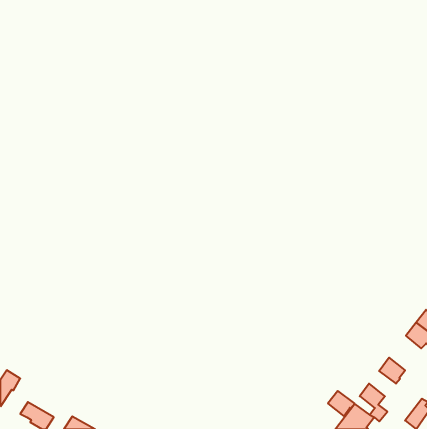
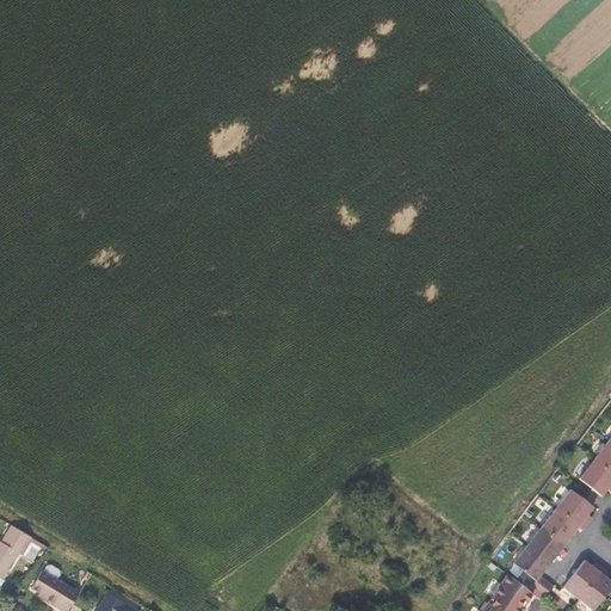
building: none -> [556,489,594,530]
building: [328,391,355,416] -> [527,527,566,563]
building: none -> [564,560,603,598]

